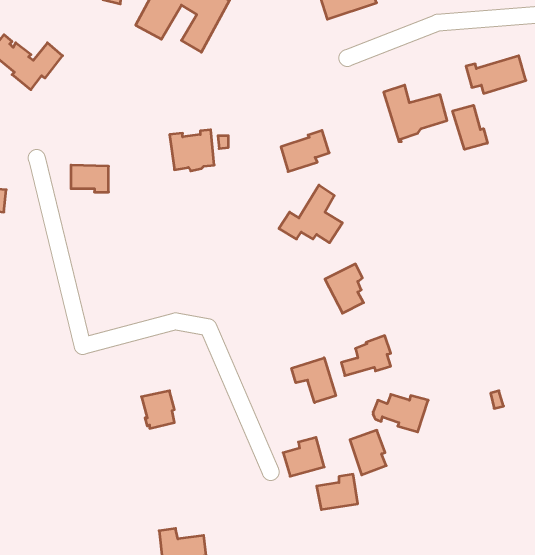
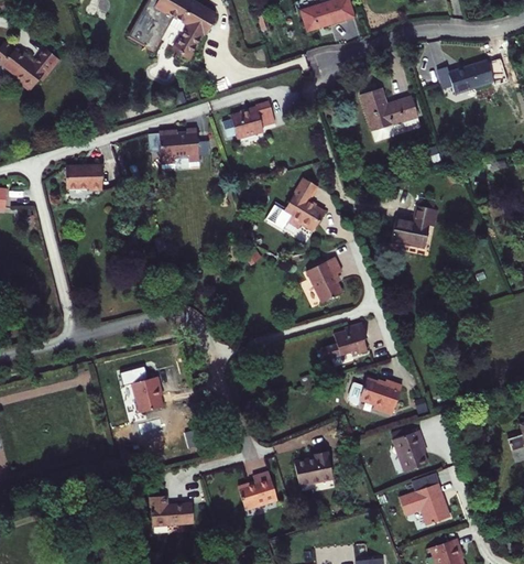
building: [453,105,487,149] -> none
building: [281,130,329,172] -> [234,99,280,138]
building: none -> [389,206,435,249]
building: [292,358,336,403] -> none
building: [350,430,386,475] -> [392,430,426,471]
building: [283,437,324,476] -> [241,473,280,509]
building: none -> [399,471,448,522]

